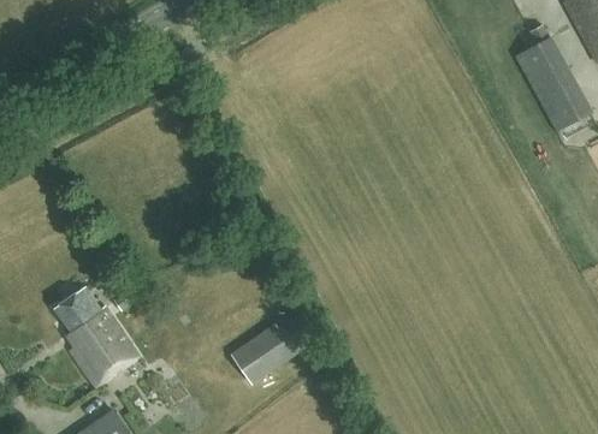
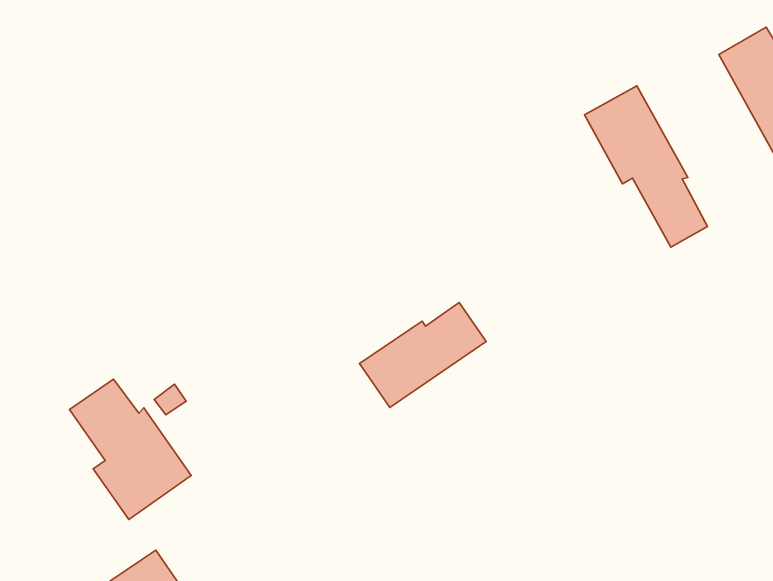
building: none -> [584,86,707,247]
building: [231,309,321,384] -> [359,302,486,407]

